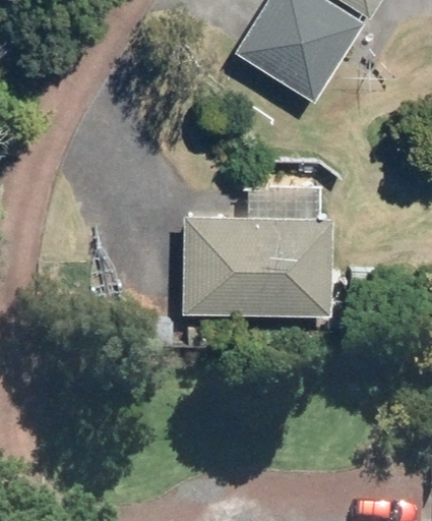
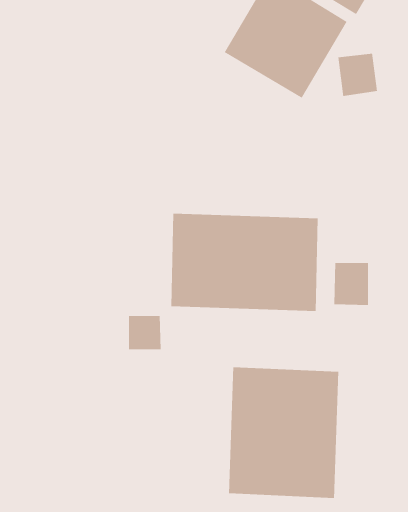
building: none -> [228,366,339,499]

